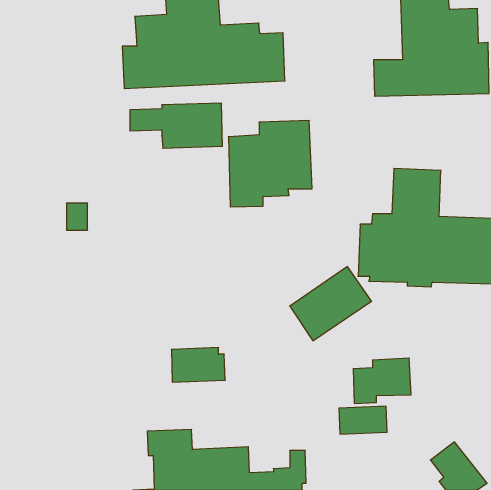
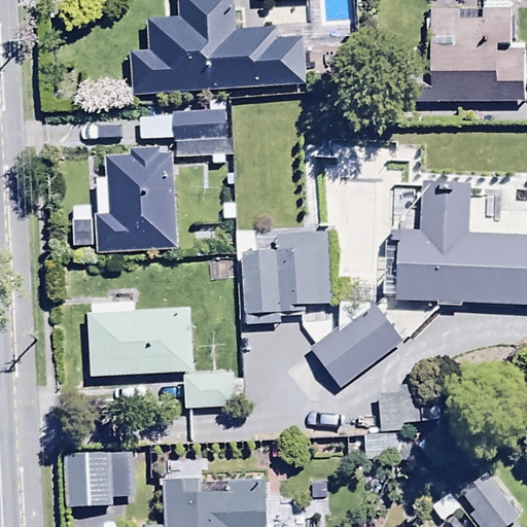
building: [228,120,312,207] -> [243,232,332,324]
building: none -> [96,145,177,252]
building: none -> [86,277,194,357]
building: none -> [67,453,113,505]

